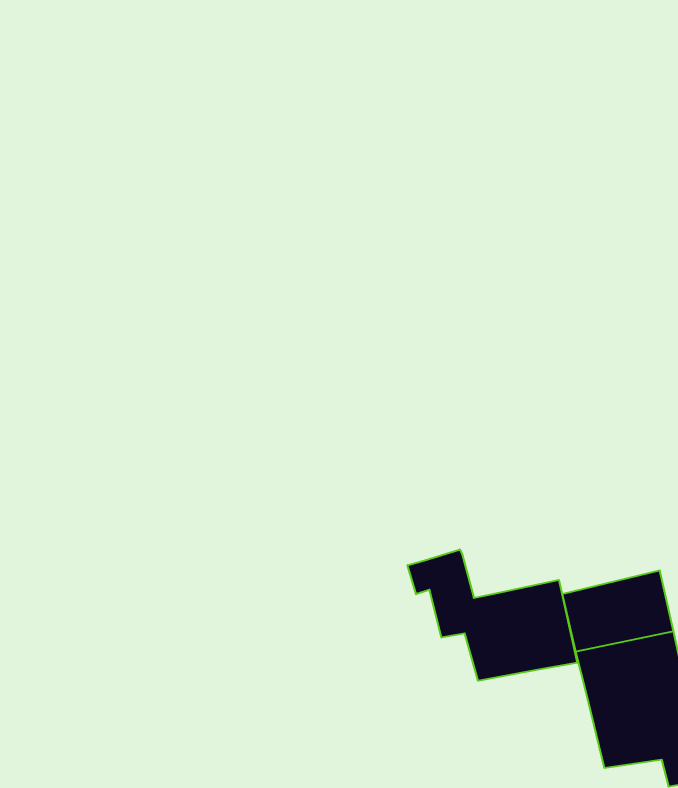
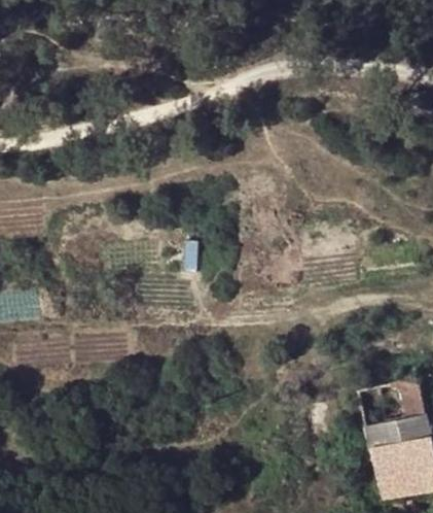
building: [408,549,577,681] -> none

